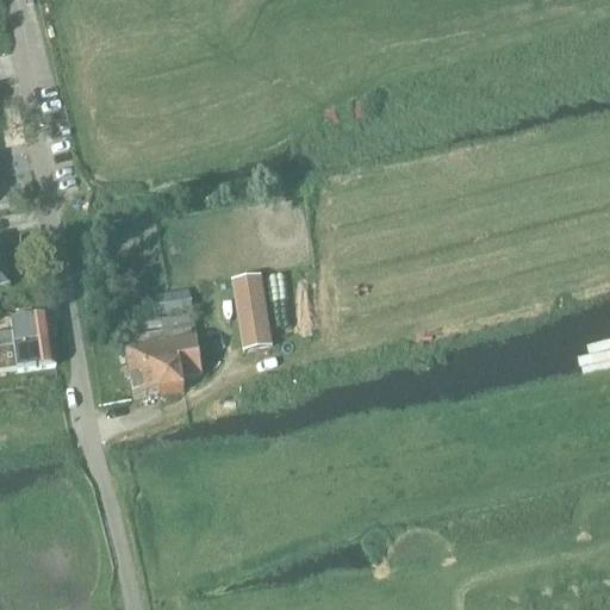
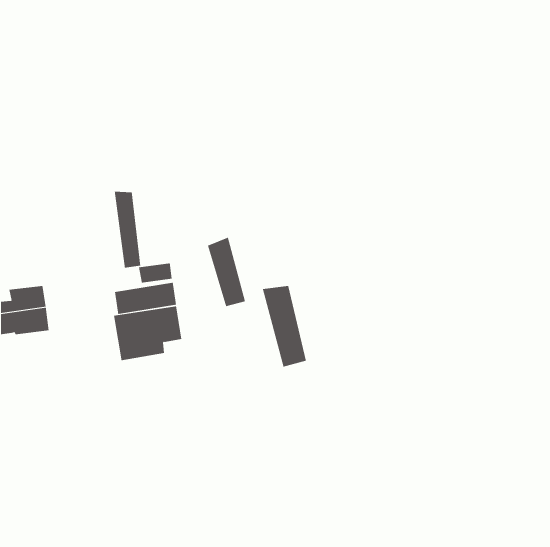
building: none -> [114,191,141,268]
building: none -> [262,285,307,368]

